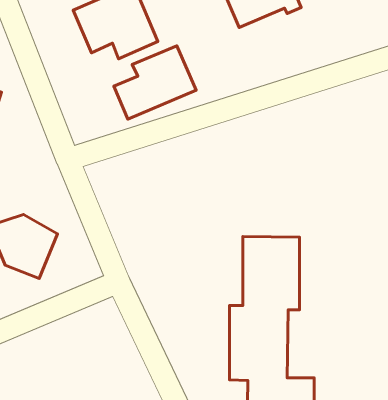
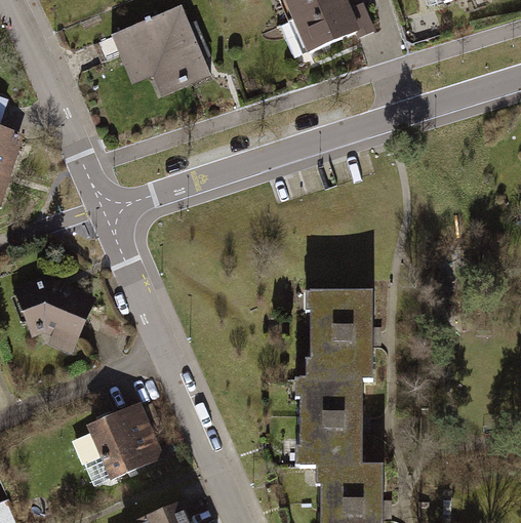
building: [114,46,196,119] -> none
building: none -> [84,401,163,477]

